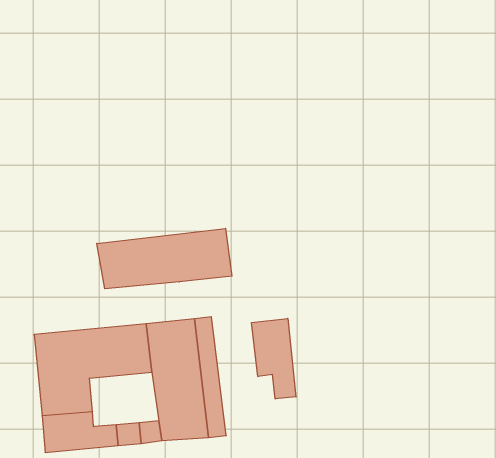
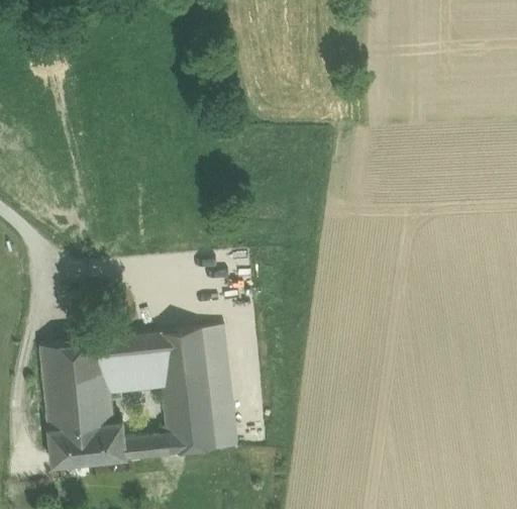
building: [97,228,232,289] -> none
building: [252,318,296,399] -> none

